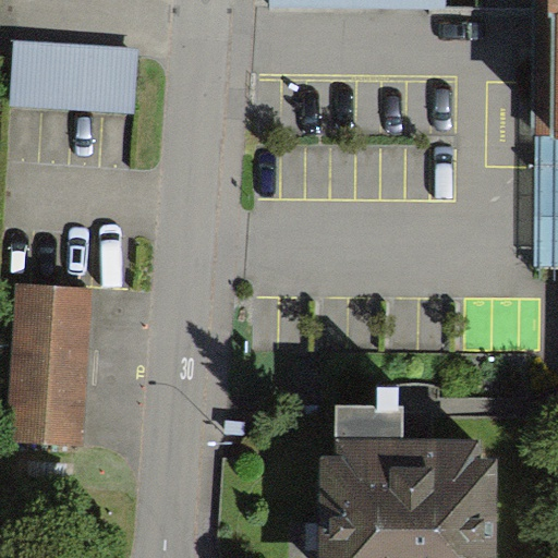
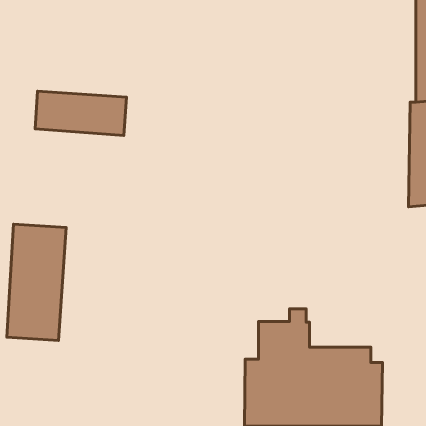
building: [12,48,131,106] -> [35,91,126,136]

